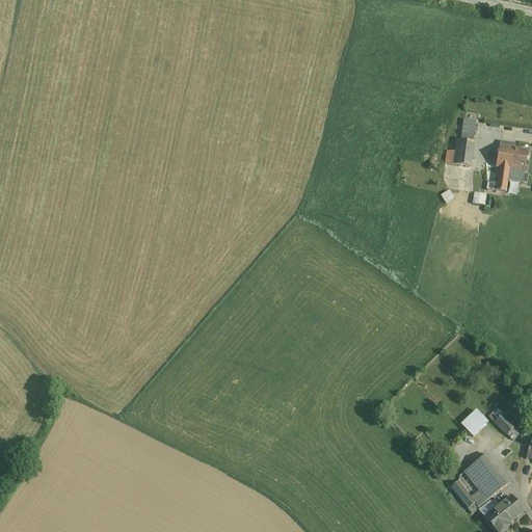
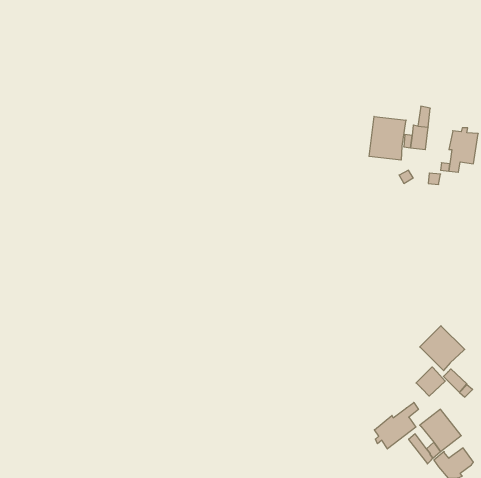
building: none -> [369,116,406,160]
building: none -> [420,326,465,371]
building: none -> [374,402,418,449]

